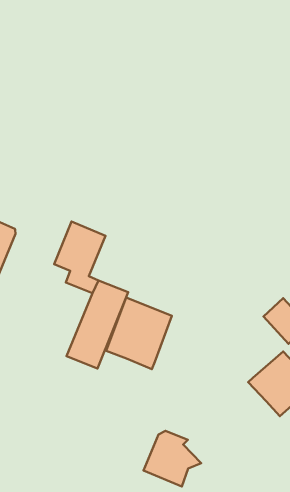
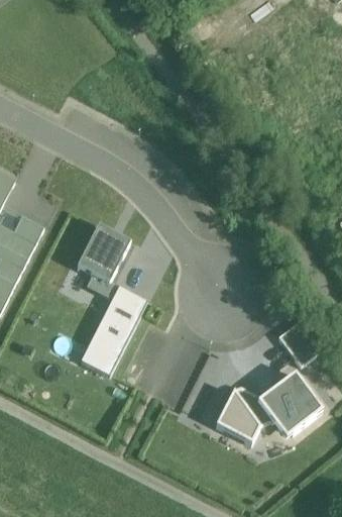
building: [106,298,172,369] -> none
building: [143,431,201,486] -> [216,385,273,441]

